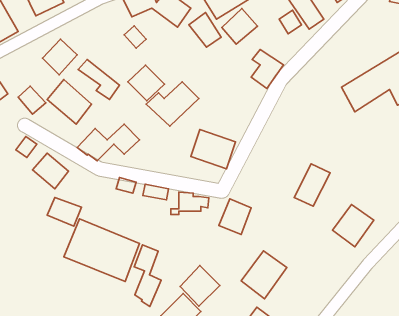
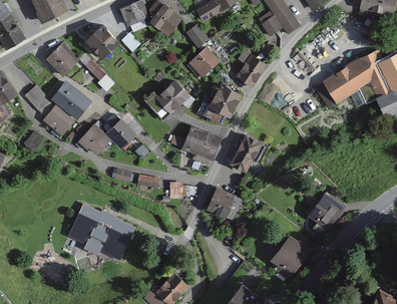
building: [222,8,257,44] -> [188,46,221,78]
building: [128,65,165,101] -> [84,26,117,58]
building: none -> [204,85,241,126]
building: [33,153,68,189] -> [42,105,74,137]
building: [294,164,330,206] -> [229,134,261,173]
building: [47,197,81,226] -> none
building: [134,245,161,307] -> none
building: [241,251,287,299] -> [269,235,310,278]
building: [180,266,220,306] -> none

